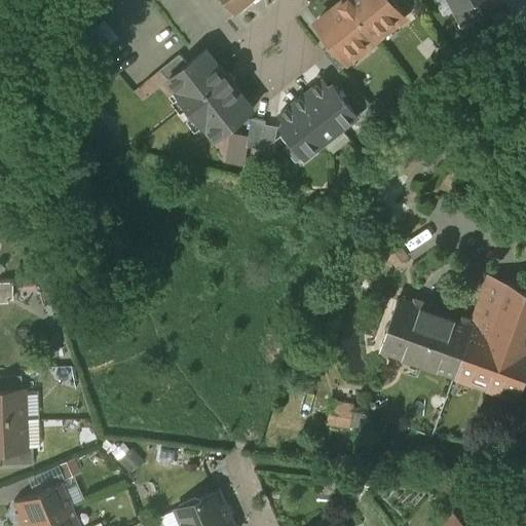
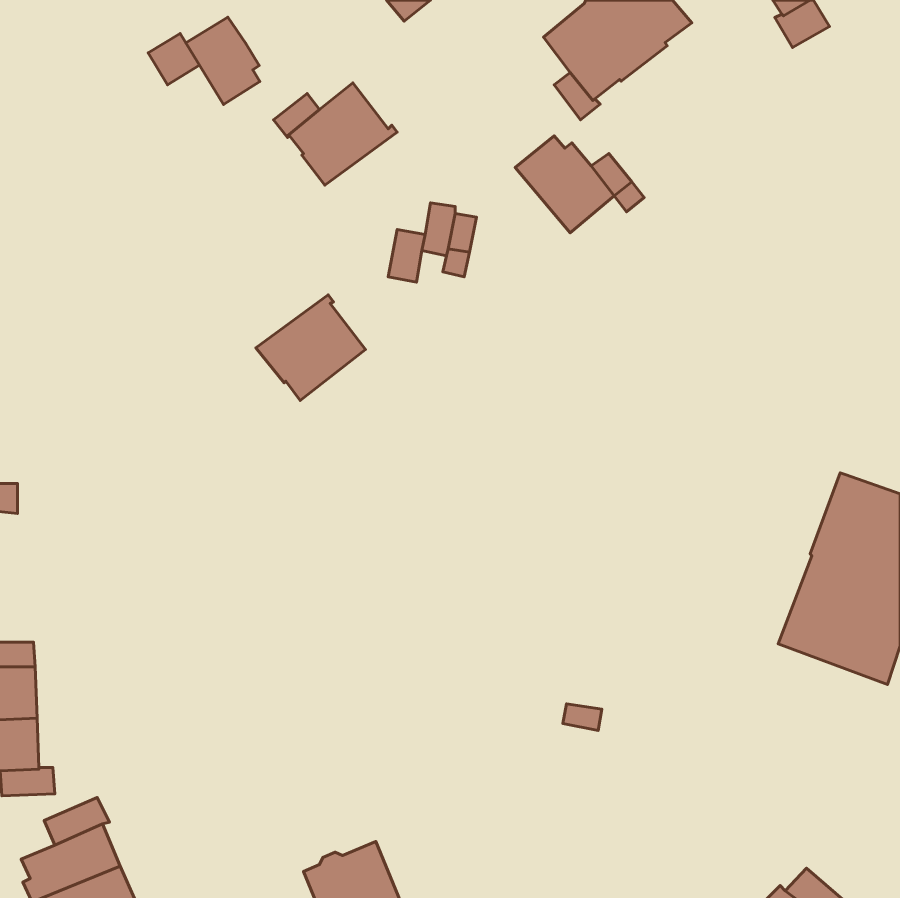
building: none -> [186,17,260,104]
building: [189,79,253,141] -> [256,295,365,401]
building: [278,100,332,158] -> none
building: [380,299,473,377] -> none

